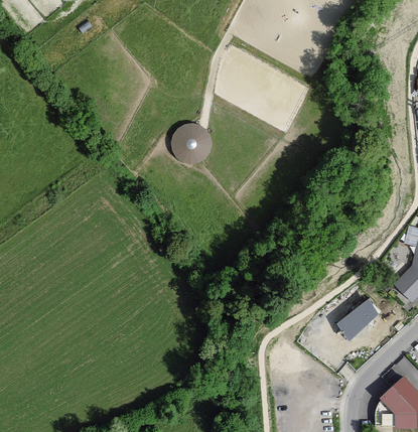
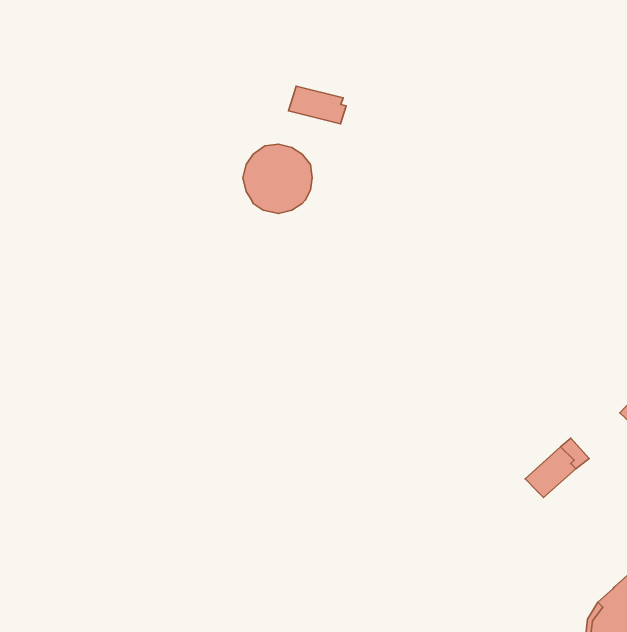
building: none -> [289,86,346,124]

